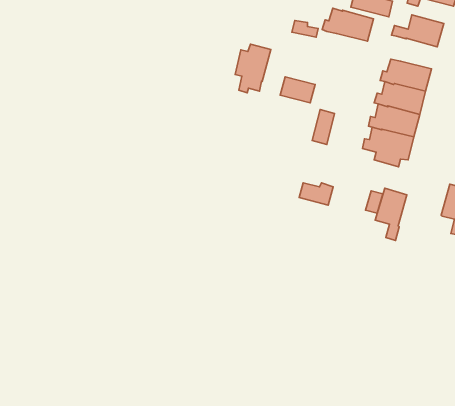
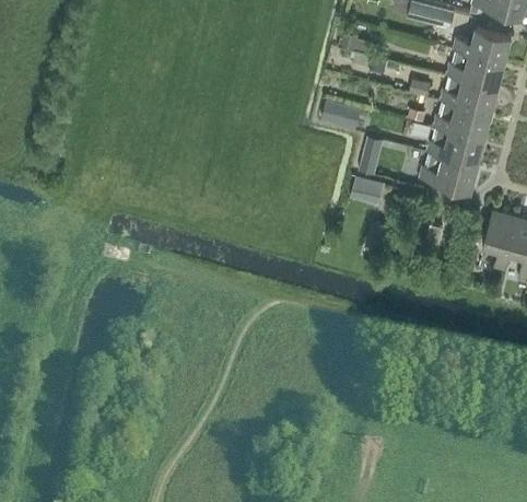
building: [322,8,373,41] -> [446,50,504,87]
building: [235,44,271,93] -> none
building: [299,183,333,205] -> [350,180,388,206]
building: [375,188,407,240] -> [482,210,518,269]

